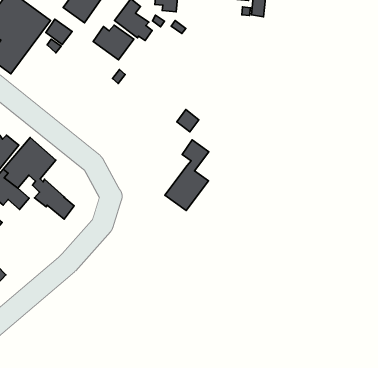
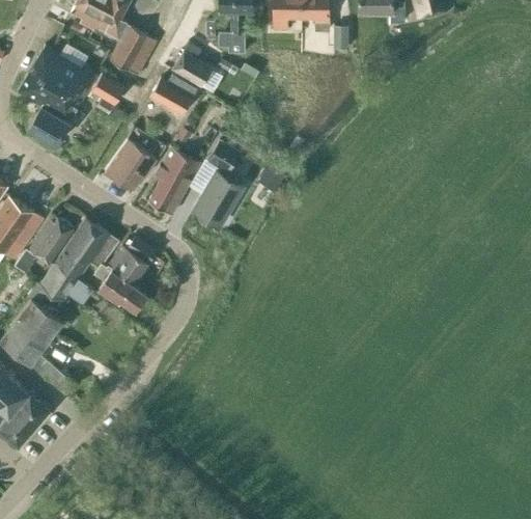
building: none -> [105,141,157,192]
building: none -> [148,148,199,216]
building: [165,140,209,210] -> [193,141,243,225]
building: none -> [108,238,157,284]

